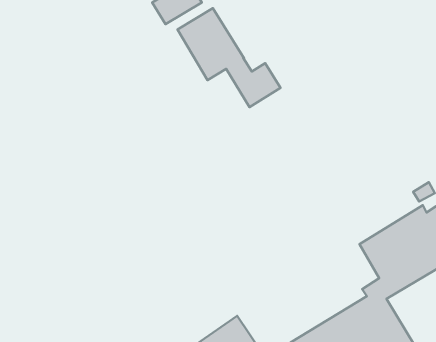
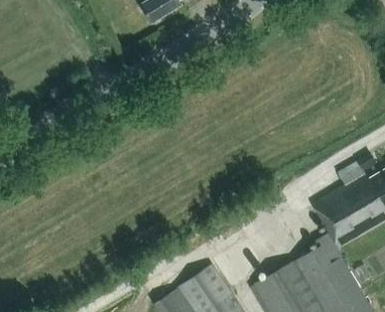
building: [177,8,280,107] -> none

